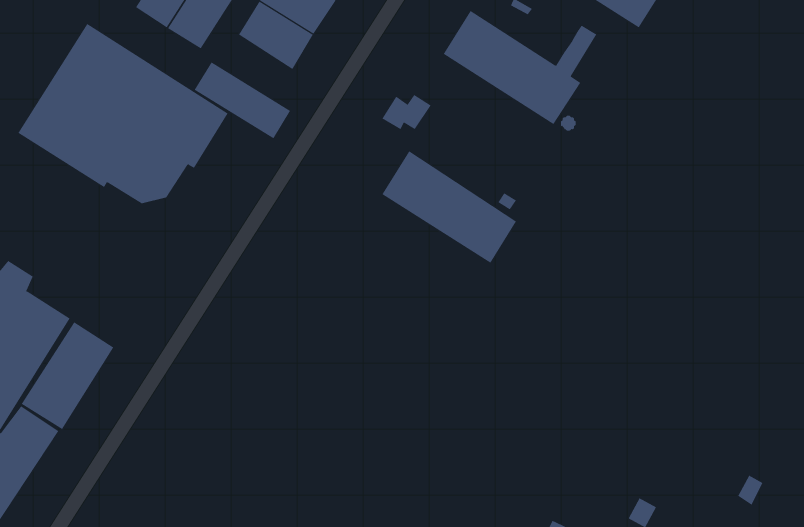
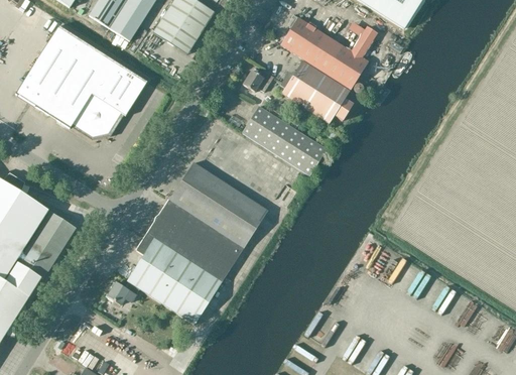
building: [194,61,291,139] -> none
building: none -> [275,61,352,123]
building: none -> [107,162,267,325]

